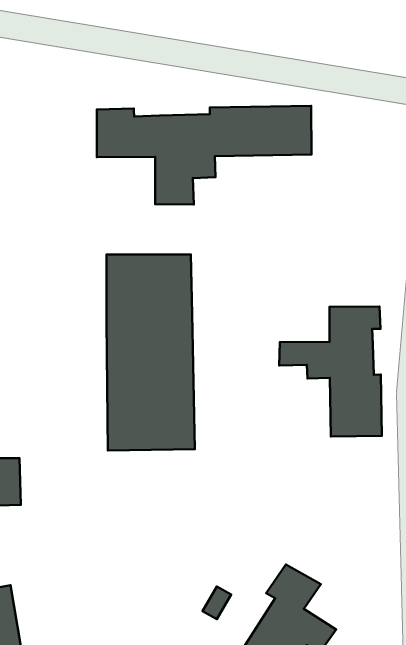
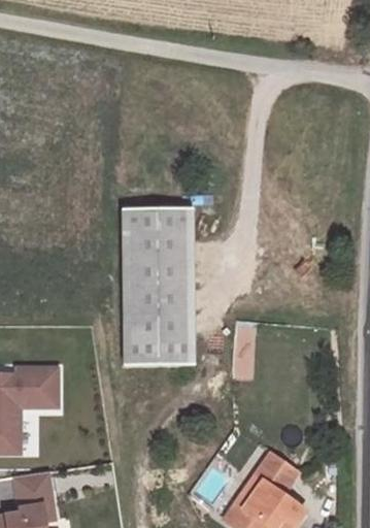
building: [97,106,311,204] -> none
building: [279,306,382,436] -> none

